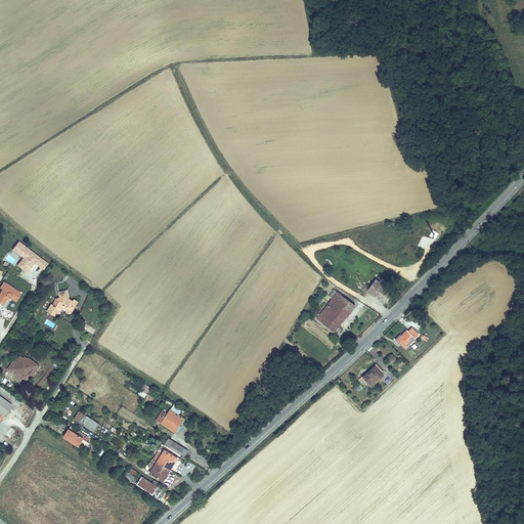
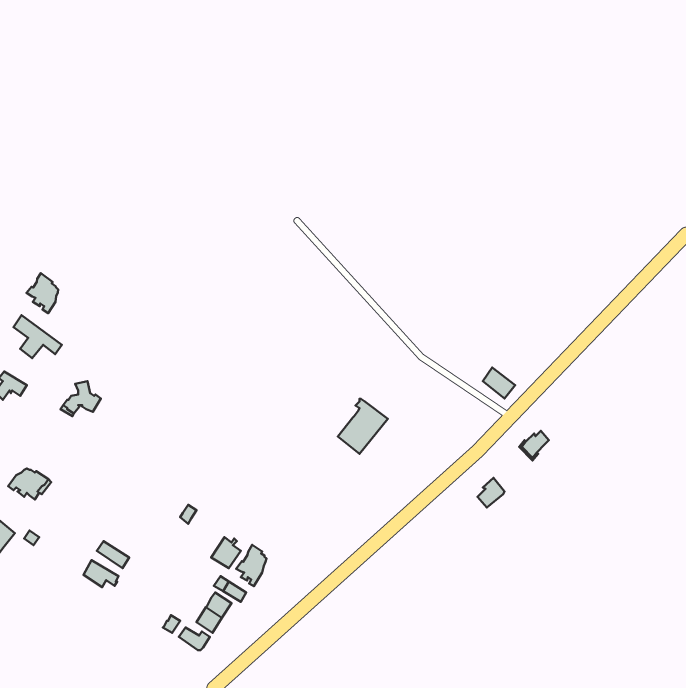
building: none -> [27,273,58,313]
building: [316,290,354,332] -> [338,399,388,454]
building: none -> [236,545,266,586]

